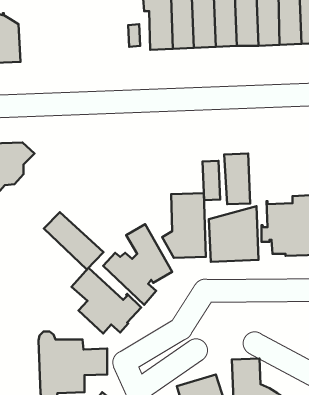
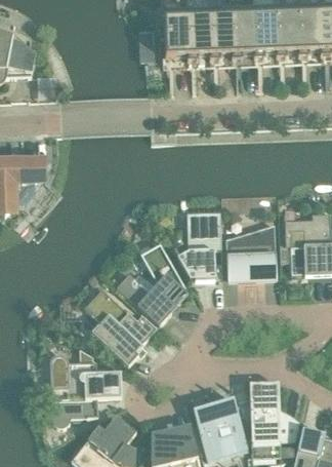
building: [224,154,250,204] -> none
building: [203,161,220,200] -> none
building: [44,212,103,269] -> none

